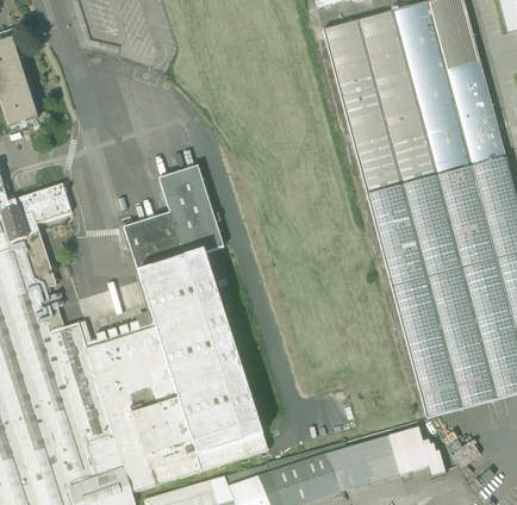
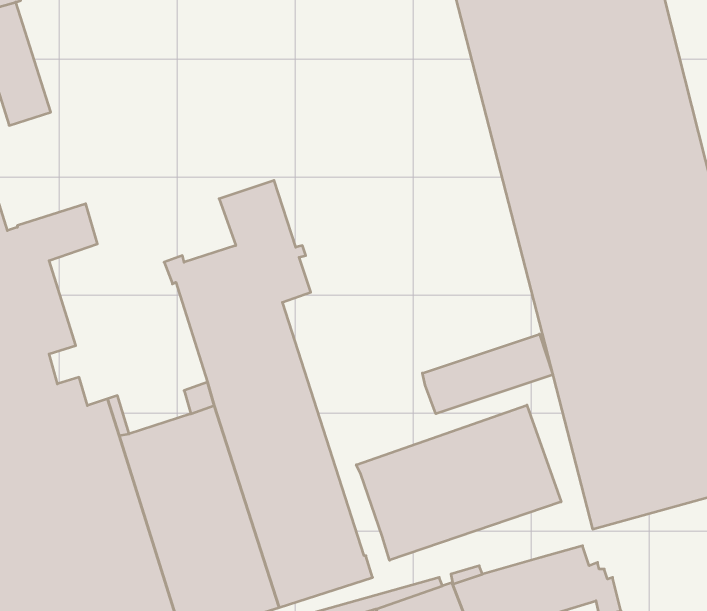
building: none -> [422,334,553,414]
building: none -> [356,405,561,560]

